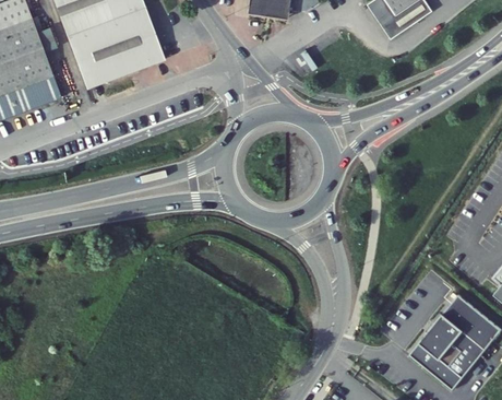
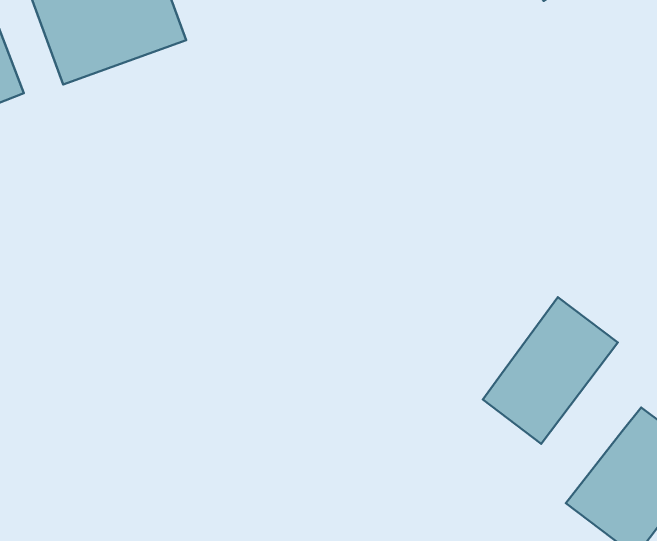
building: none -> [483,297,618,444]

